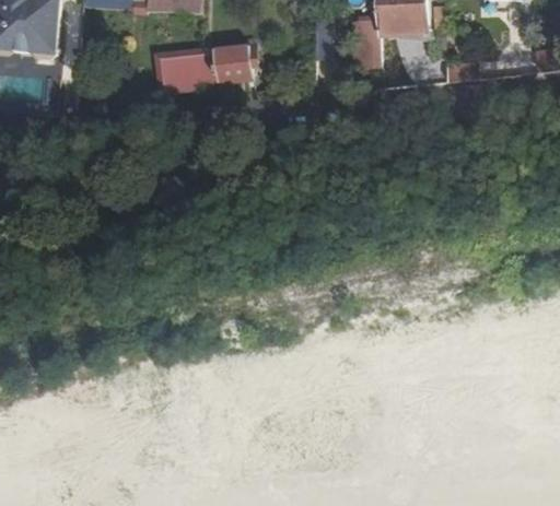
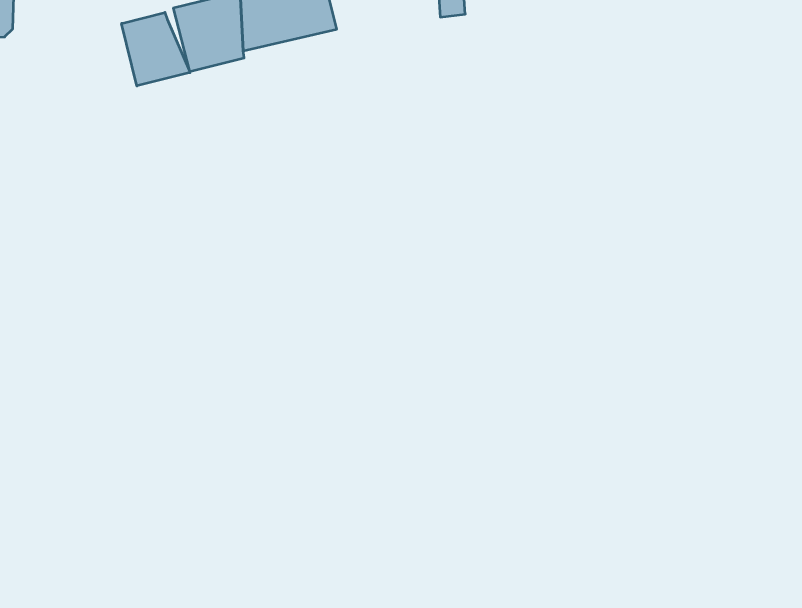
building: none -> [122,12,190,86]

